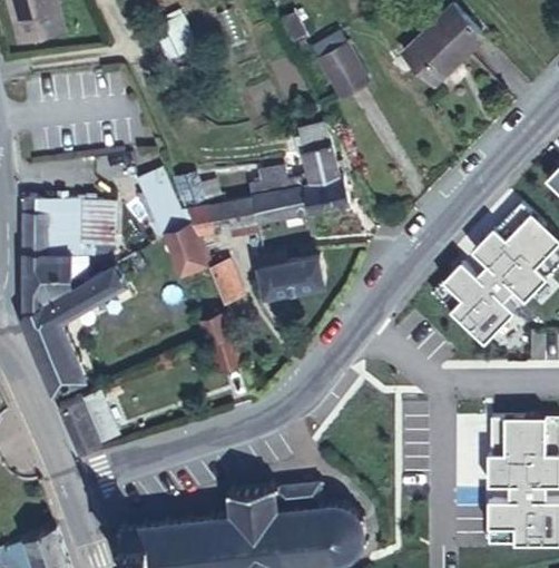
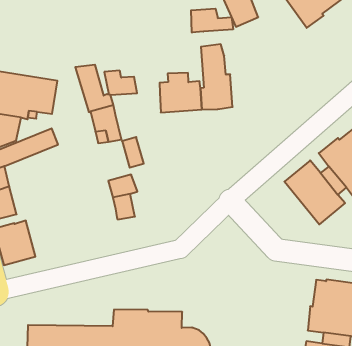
building: none -> [191,9,233,33]
building: [188,199,257,238] -> none
building: [259,253,325,297] -> none

